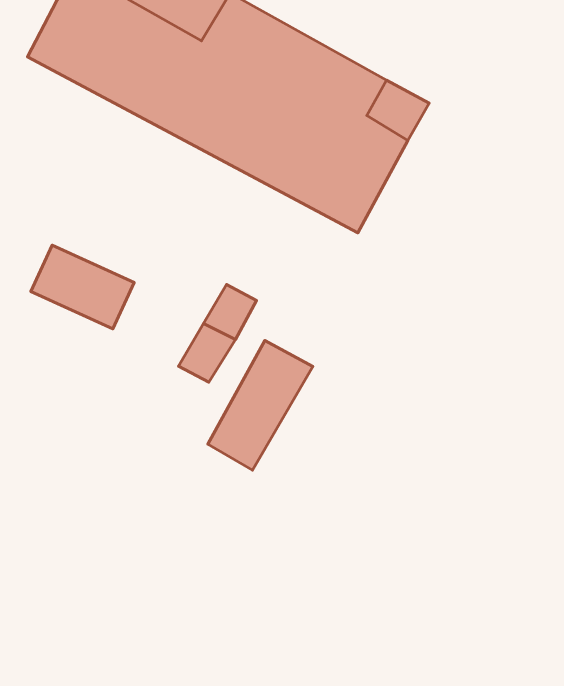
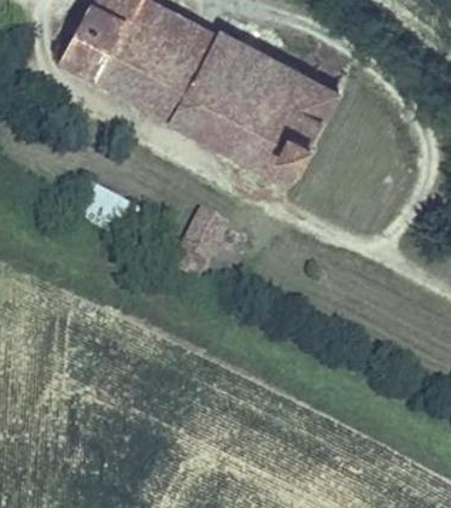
building: [208,340,313,470] -> none

